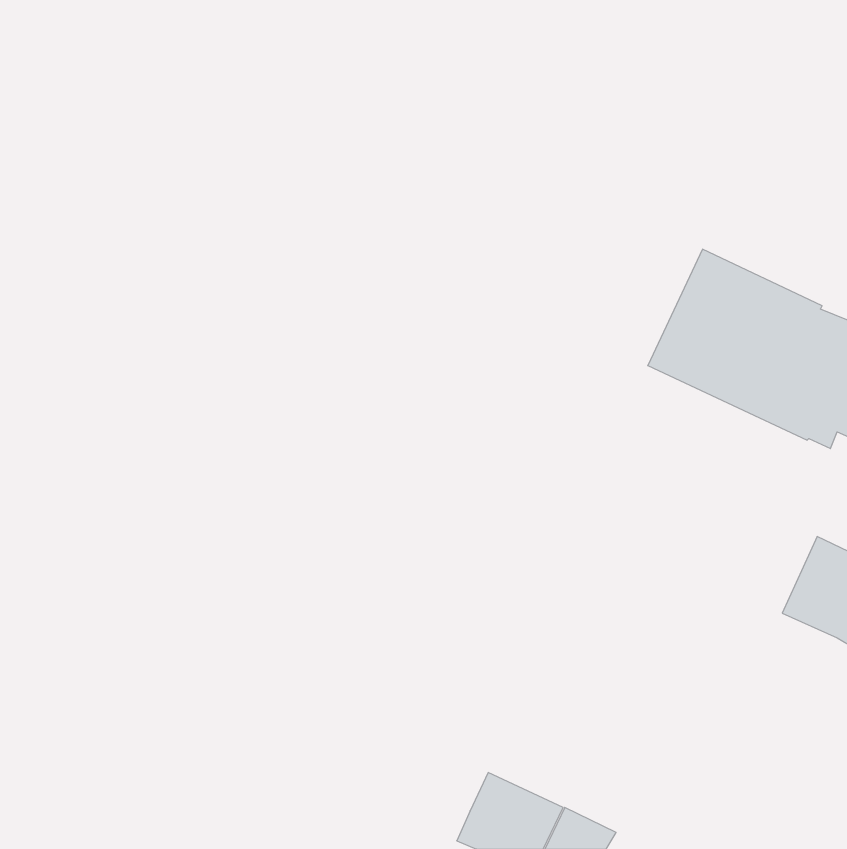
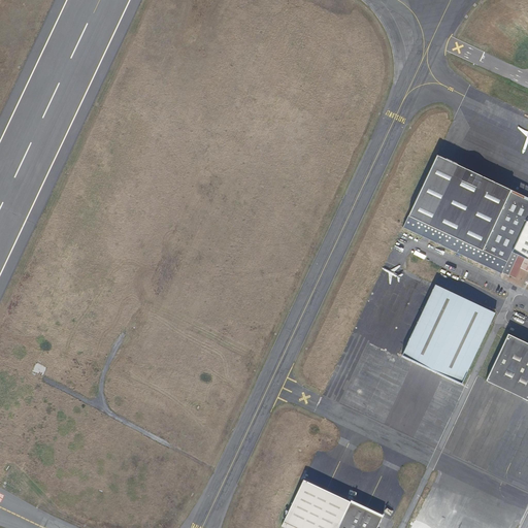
building: none -> [402,285,496,384]

